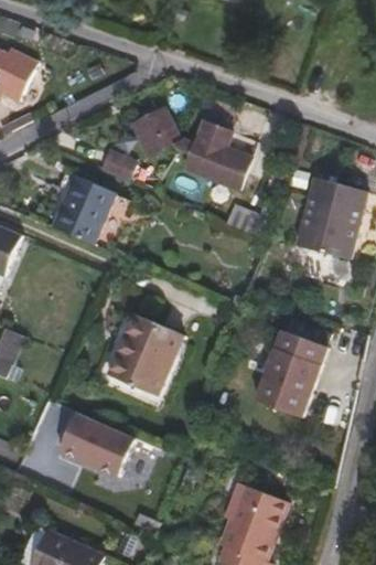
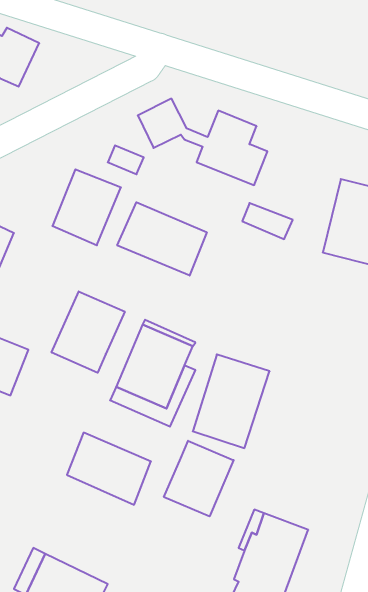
building: none -> [117,202,207,276]
building: none -> [52,291,125,373]
building: [256,333,326,419] -> [193,354,270,448]
building: none -> [164,441,234,516]

